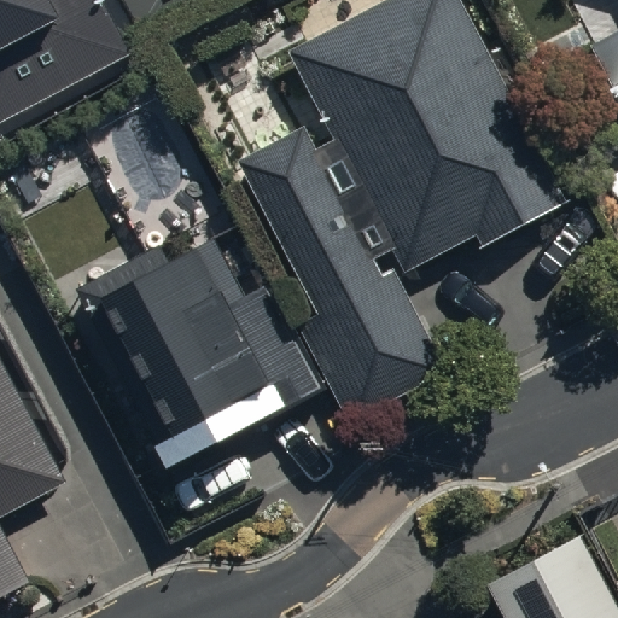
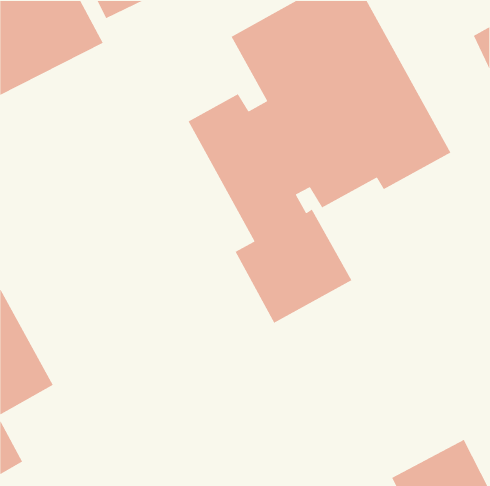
building: [69,196,284,436] -> none

